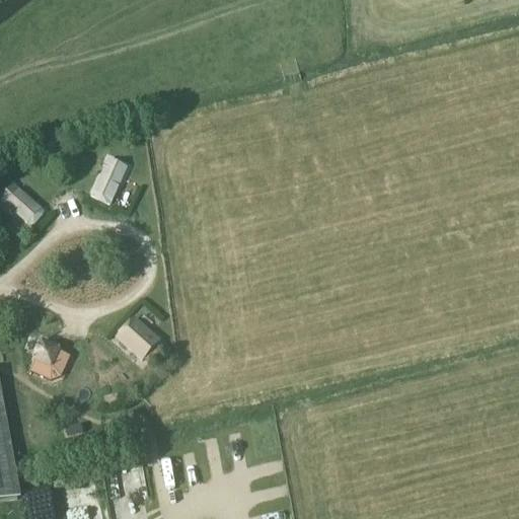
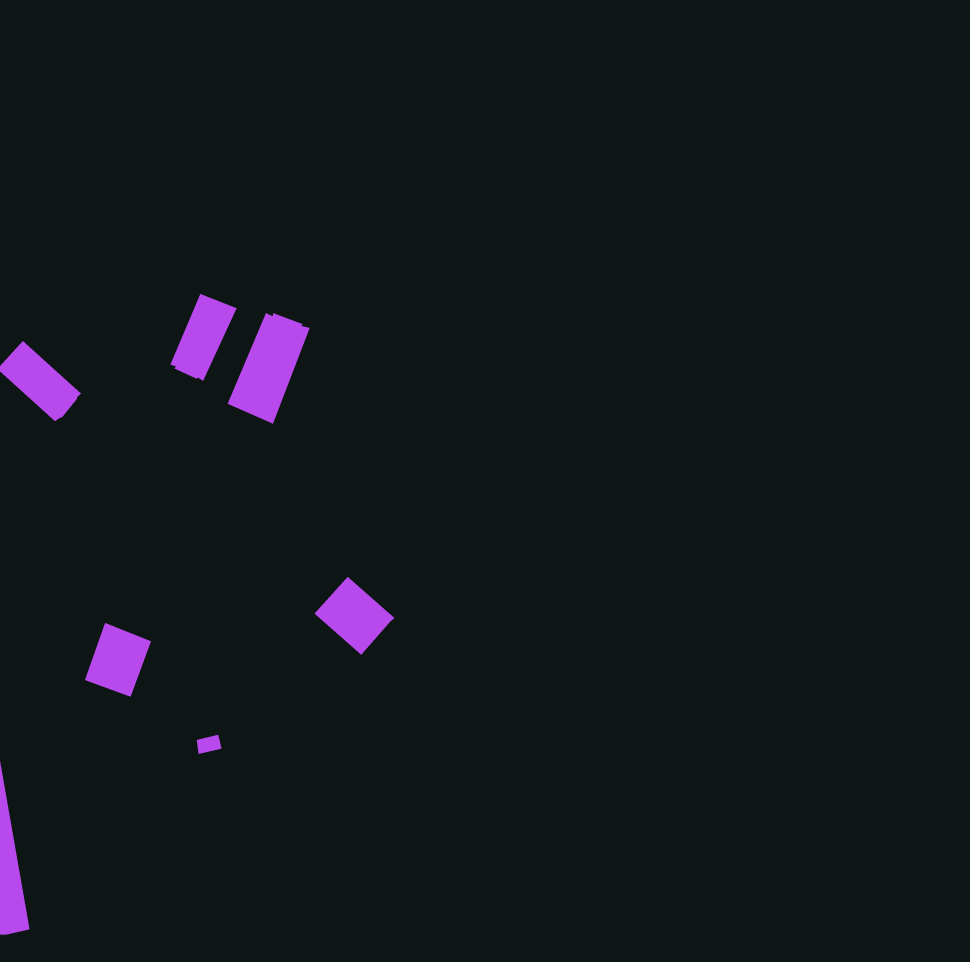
building: none -> [227,312,311,425]
building: [116,315,159,358] -> [314,576,395,656]

